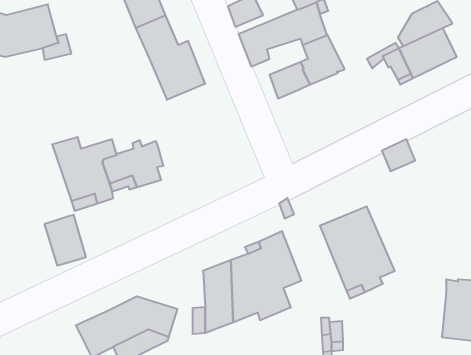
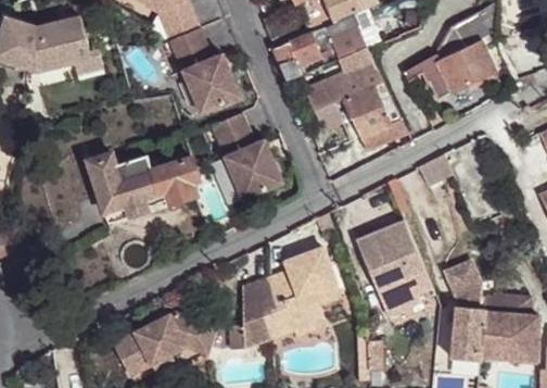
building: none -> [345,87,407,151]
building: none -> [212,114,282,200]
building: [45,215,86,266] -> none
building: none -> [446,262,484,362]

